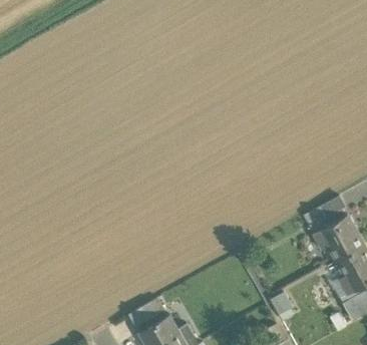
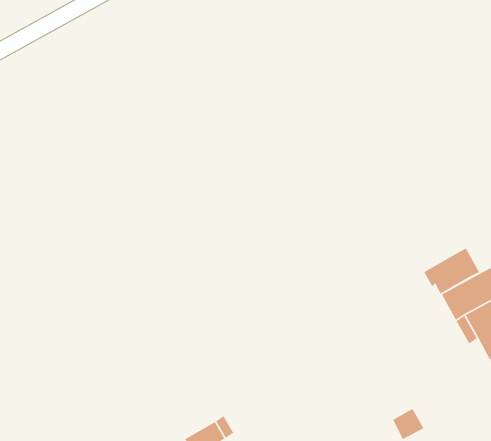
building: none -> [423,247,480,295]

